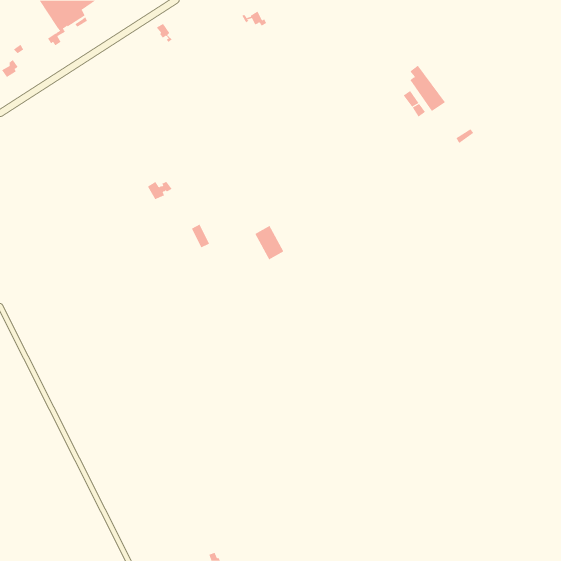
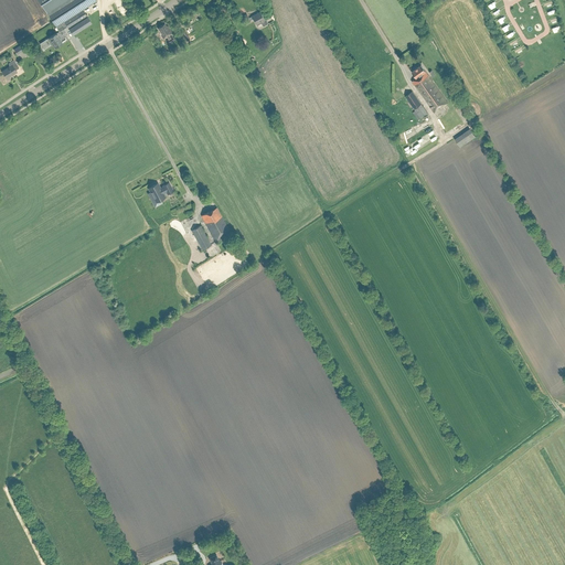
building: [255,225,284,260] -> [201,206,231,242]

